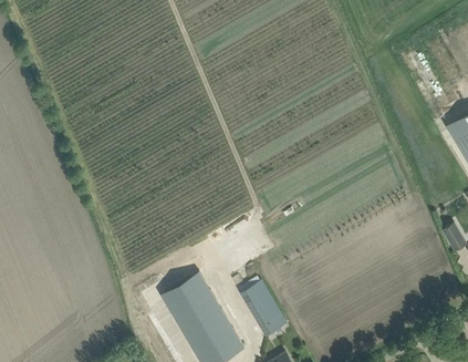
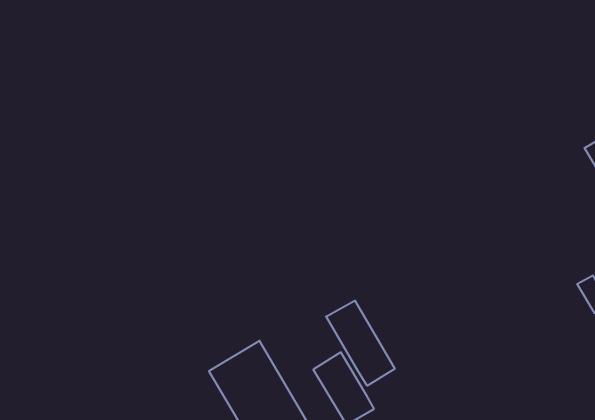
building: none -> [326,301,395,386]

